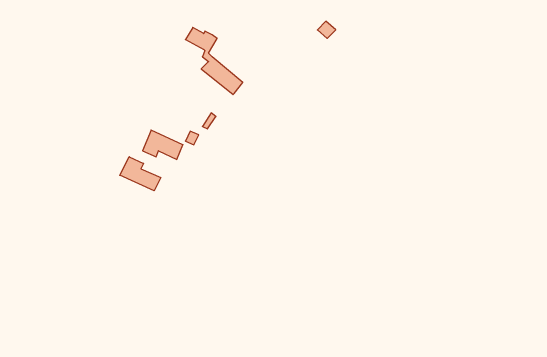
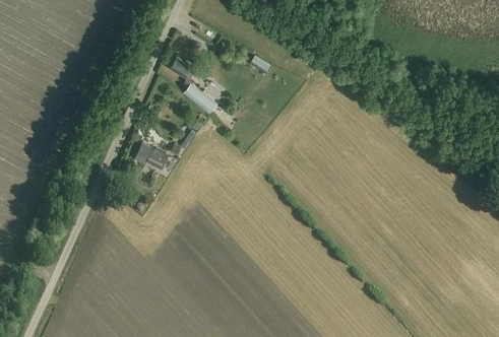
building: [120,157,161,191] -> none

